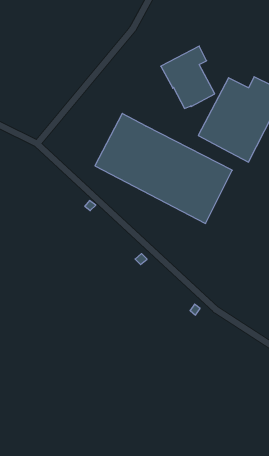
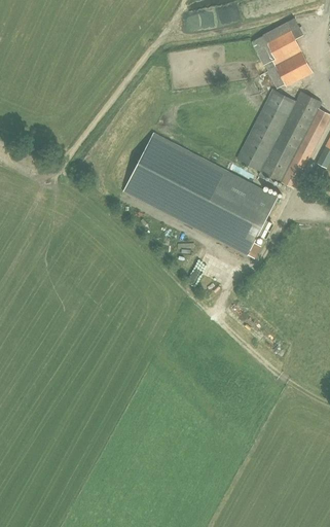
building: [161,46,215,108] -> [252,16,313,86]

